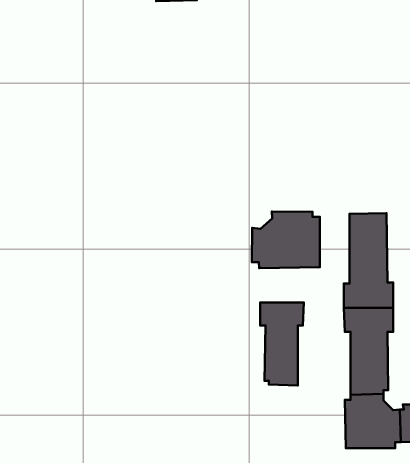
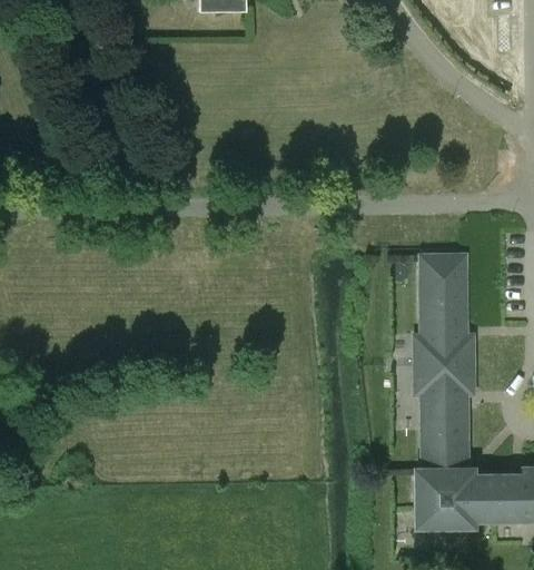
building: [252,212,320,268] -> none
building: [260,303,304,386] -> none

